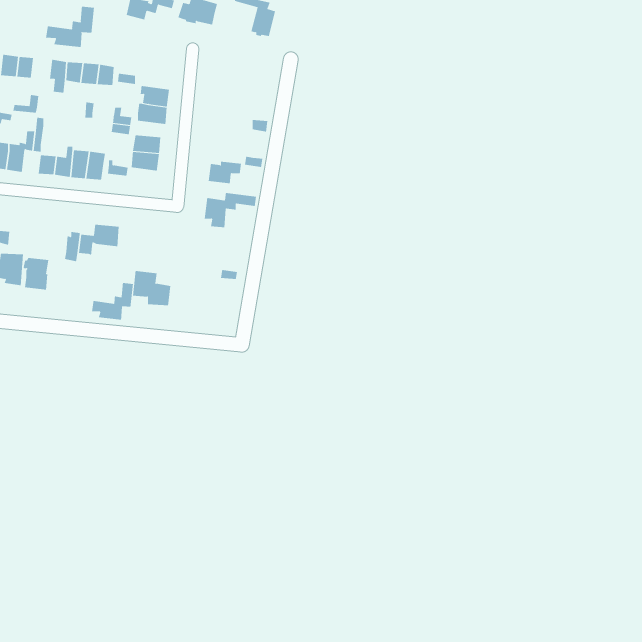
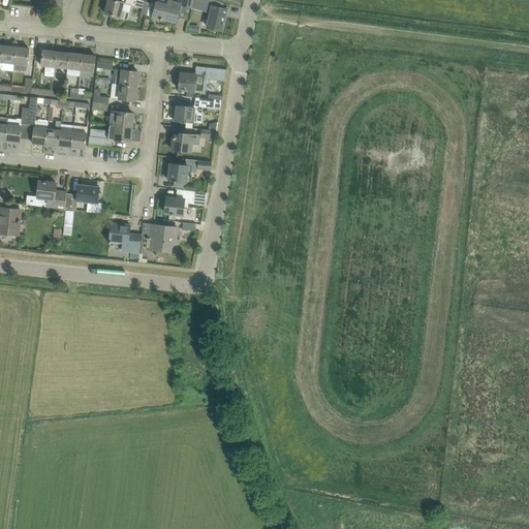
building: [46,6,94,48] -> none
building: none -> [178,66,225,92]
building: none -> [174,104,204,123]
building: none -> [163,189,206,218]
building: [23,257,49,290] -> [34,180,56,207]
building: none -> [146,223,177,252]
building: [91,282,133,321] -> none

